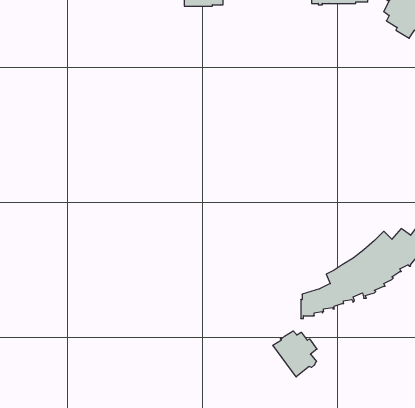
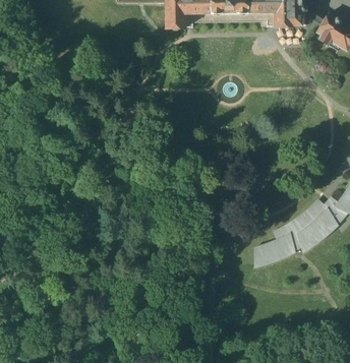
building: [273,331,317,377] -> none

